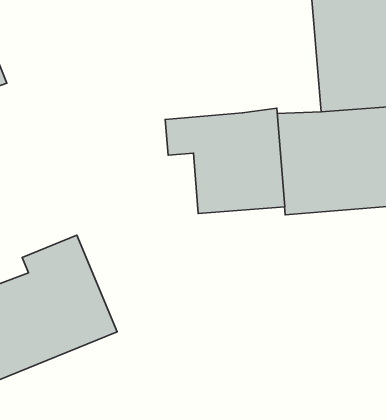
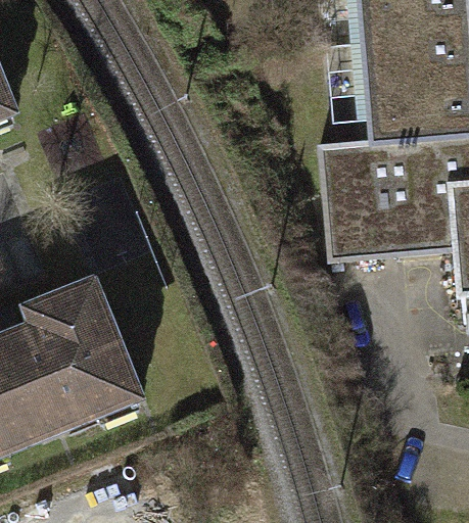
building: [165,108,285,213] -> none

